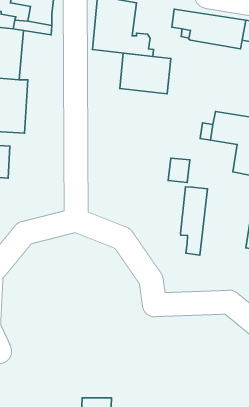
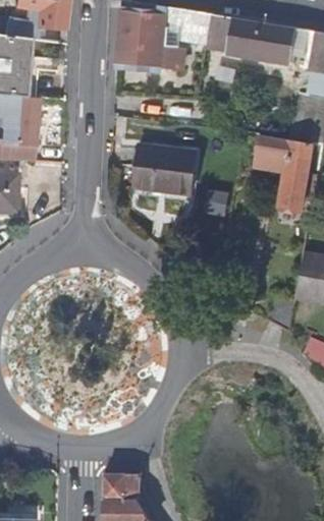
building: none -> [178,10,211,45]
building: [120,53,171,94] -> [136,146,196,193]
building: [181,187,208,255] -> none

